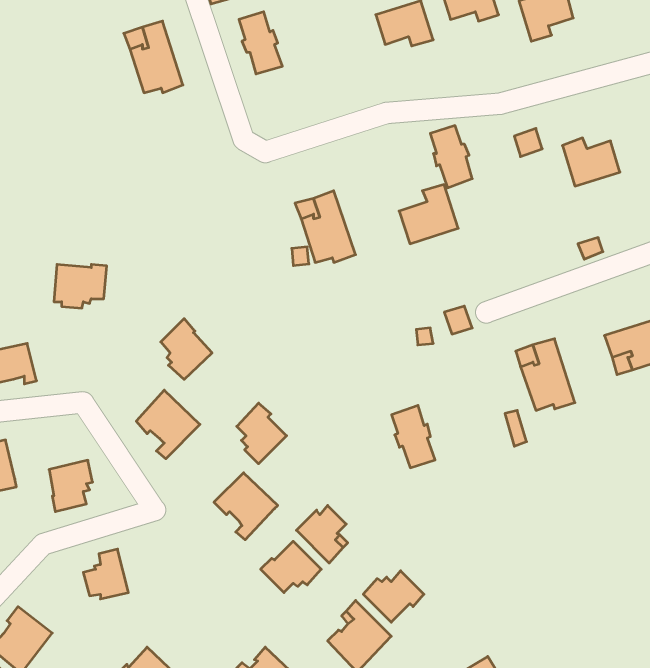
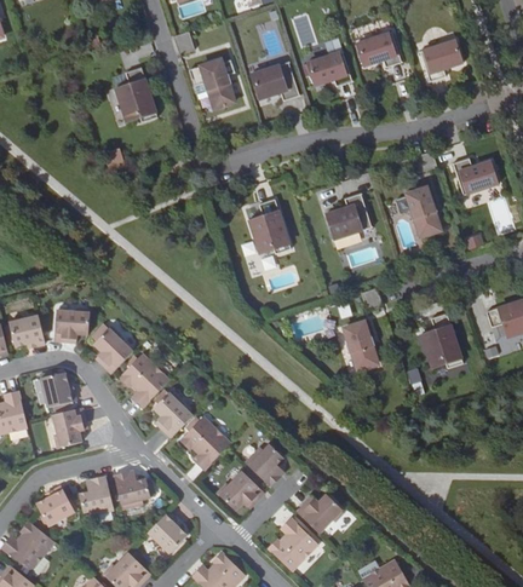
building: none -> [249,61,298,99]
building: [430,126,472,188] -> [406,186,438,235]
building: [54,264,107,308] -> [48,307,90,341]
building: [161,319,212,379] -> [93,324,133,372]
building: [237,403,287,464] -> [154,390,192,437]
building: [392,405,435,468] -> [343,321,377,369]
building: none -> [40,372,76,407]
building: none -> [114,471,150,510]
building: none -> [35,485,74,526]
building: none -> [146,511,186,554]

